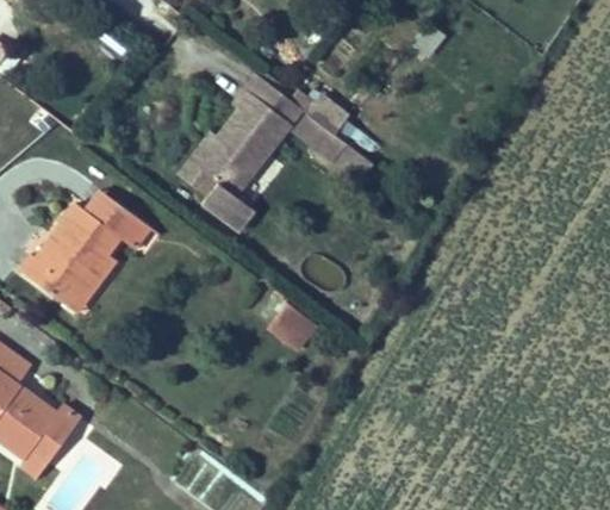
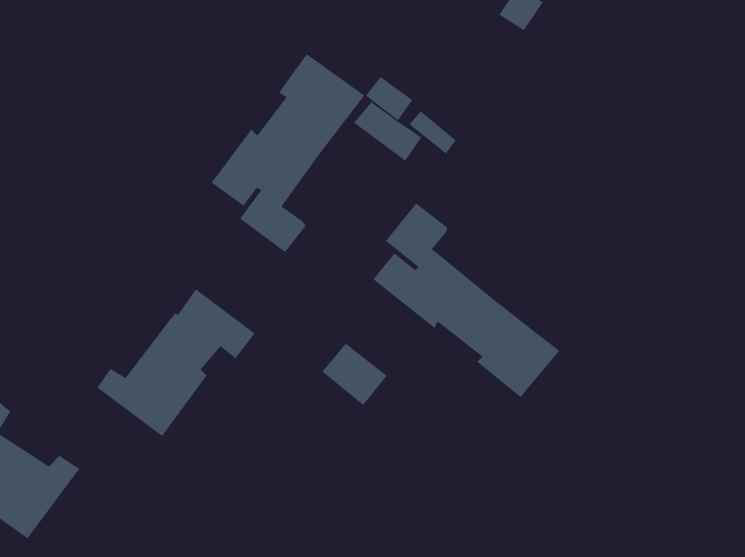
building: none -> [372,202,560,398]
building: [25,195,151,313] -> [97,289,255,437]

